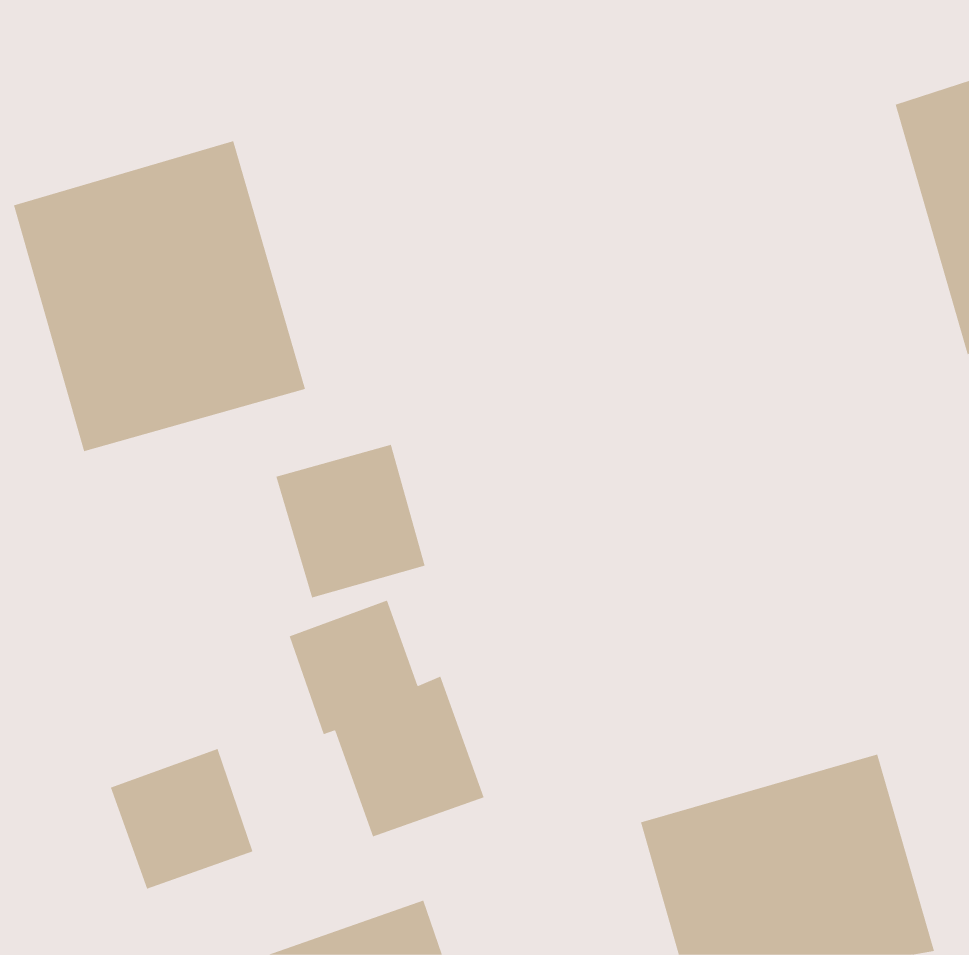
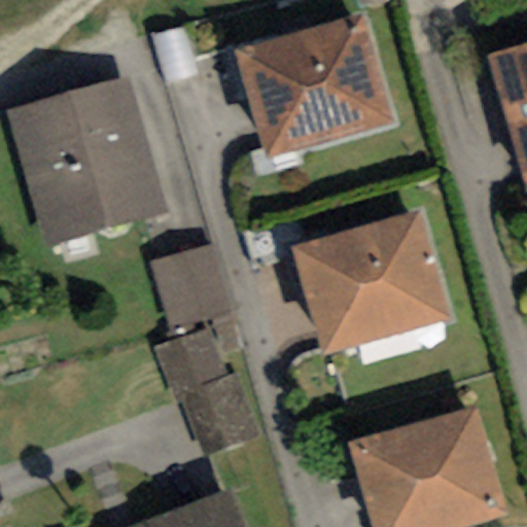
building: none -> [235,15,392,160]
building: none -> [290,210,452,356]
building: [110,748,253,890] -> none

